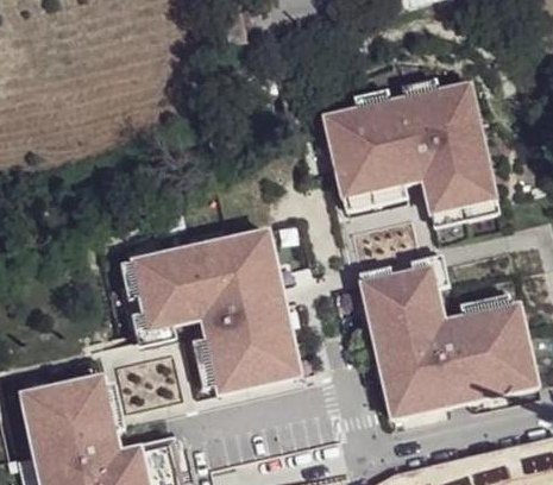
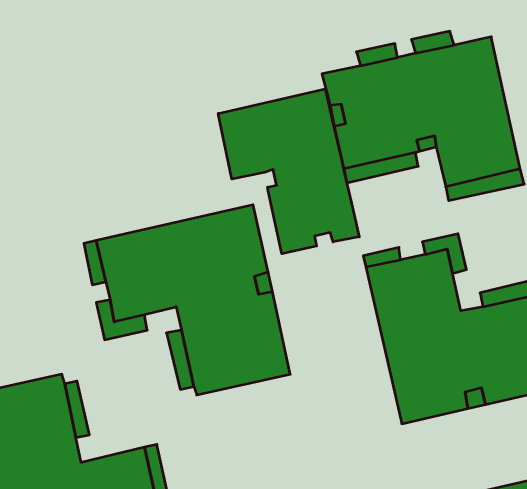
building: none -> [218,89,359,254]

